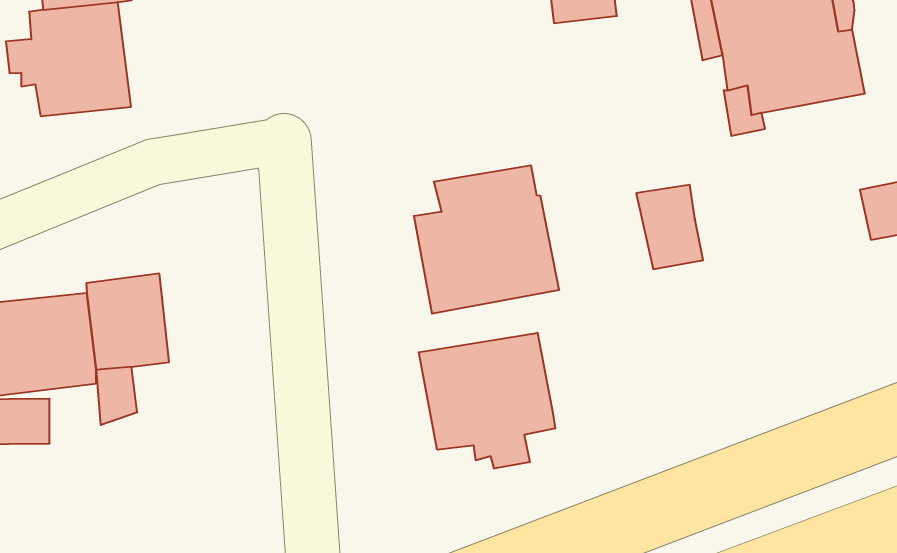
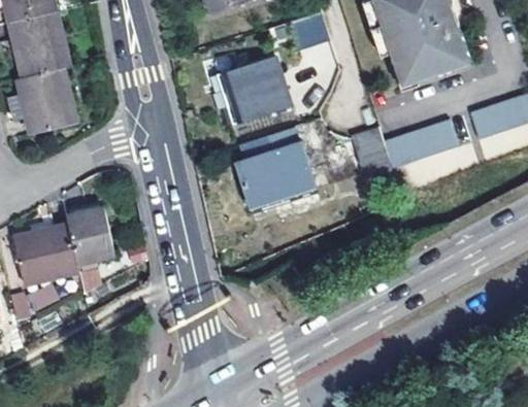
building: none -> [226,57,292,121]
building: none -> [385,120,459,167]
building: [419,333,555,469] -> none

